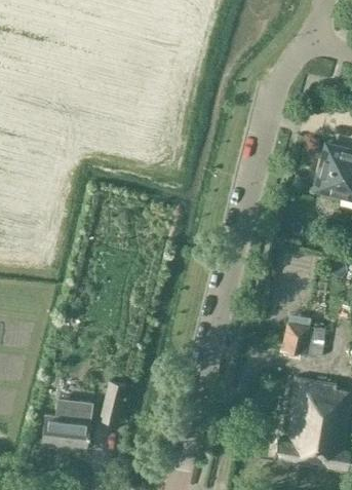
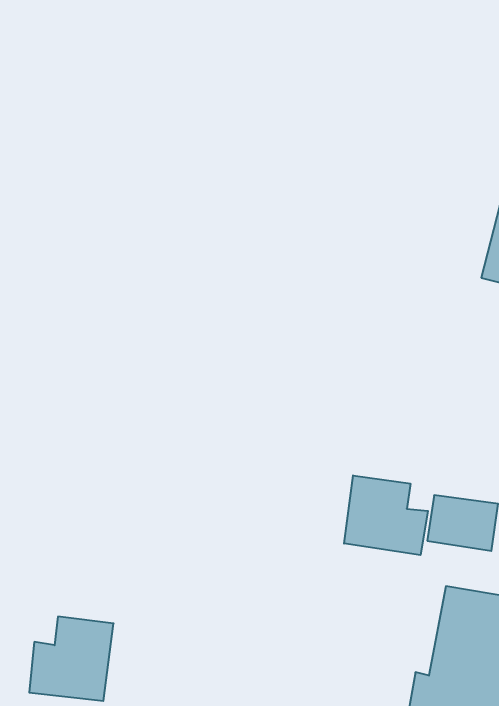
building: none -> [344,475,428,555]
building: [100,383,127,427] -> none

